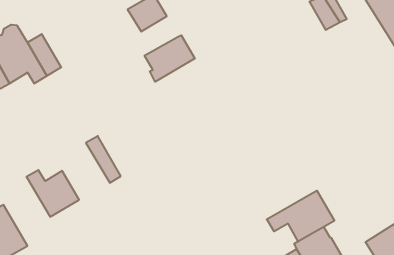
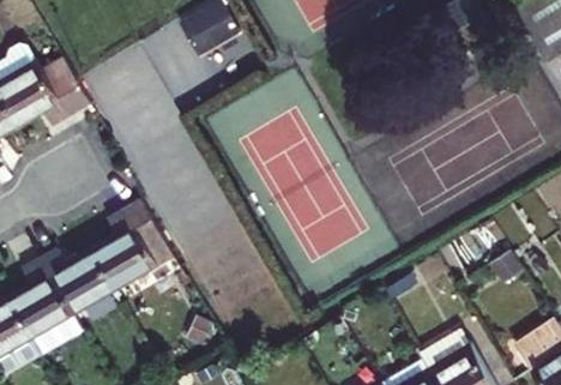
building: [145,35,195,82] -> none
building: none -> [90,210,157,290]
building: none -> [7,258,83,355]
building: [267,191,334,242] -> none

